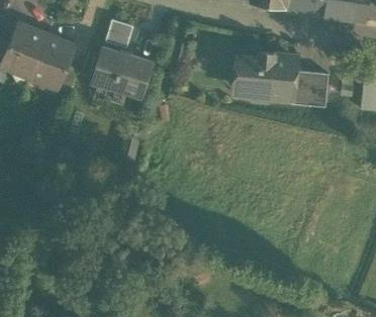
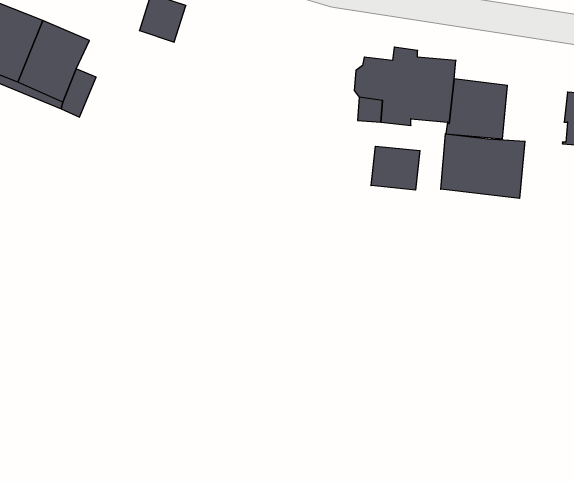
building: [91,46,154,98] -> none
building: none -> [441,134,525,198]
building: none -> [371,146,420,190]

